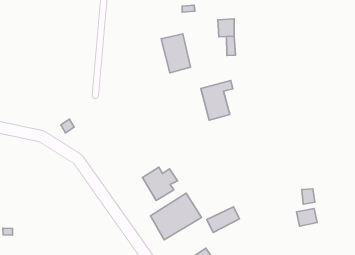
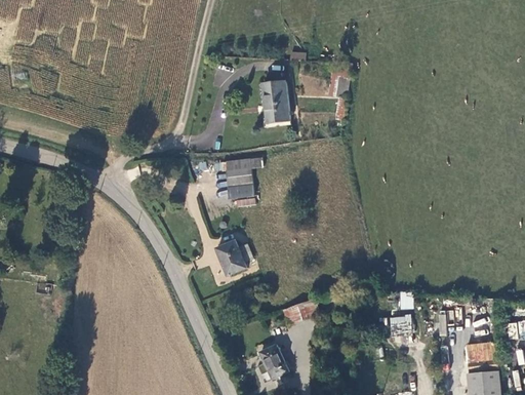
building: [201,81,233,120] -> [226,156,264,199]
building: [150,193,201,240] -> none

